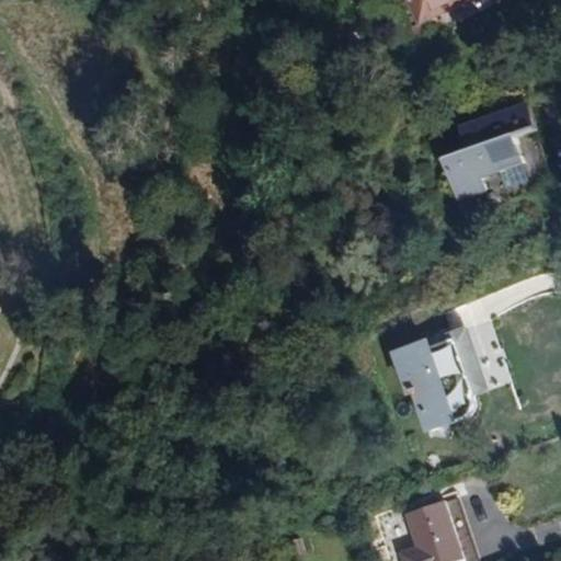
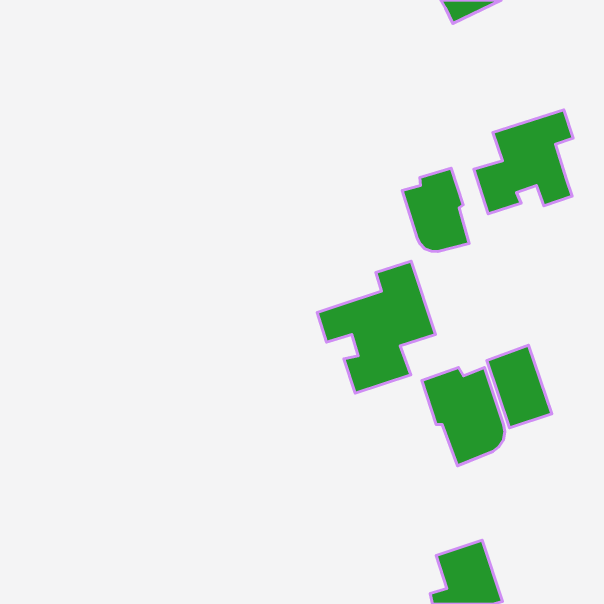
building: none -> [402,168,469,251]
building: none -> [317,261,436,393]

